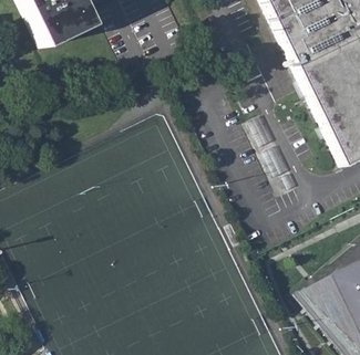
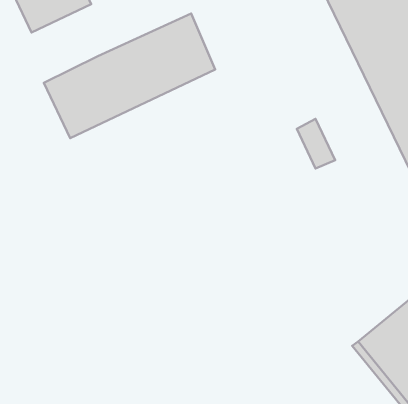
building: none -> [44,13,215,138]

